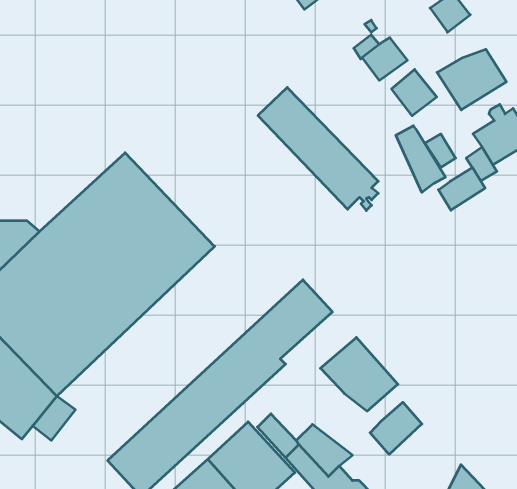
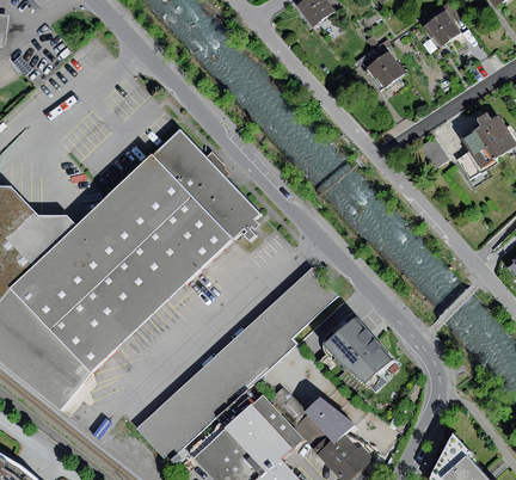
building: [437,49,506,110] -> none
building: [392,69,437,116] -> none
building: [258,87,378,211] -> [152,129,259,239]
building: [396,126,445,192] -> none
building: [438,168,485,210] -> none
building: [370,402,422,454] -> none

